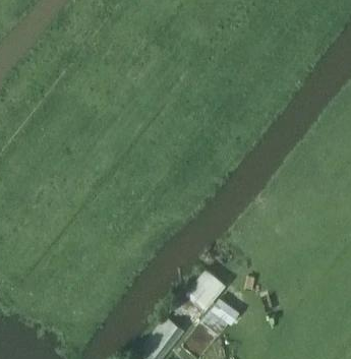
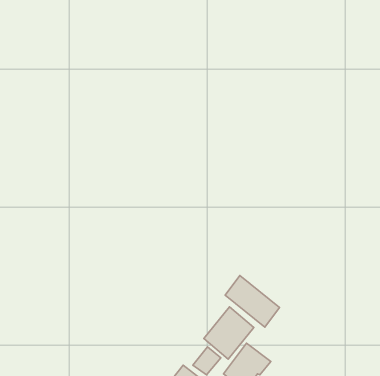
building: none -> [225,276,280,327]

